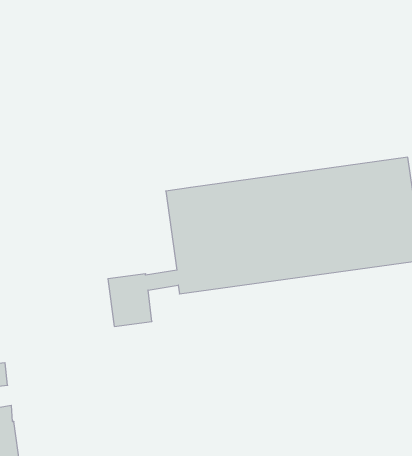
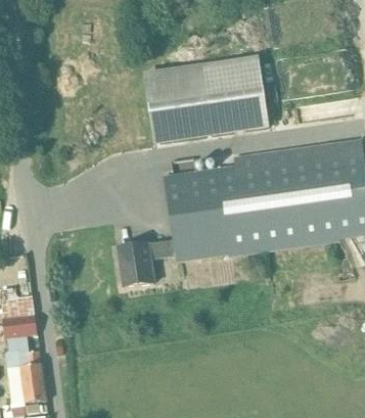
building: none -> [142,54,269,145]

